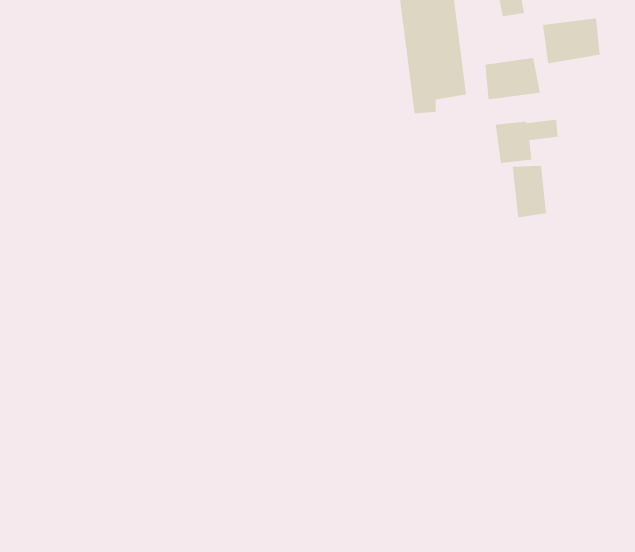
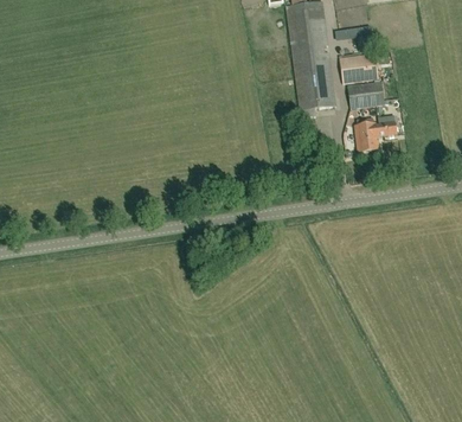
building: [542,18,600,64] -> [339,52,378,83]
building: [512,165,547,218] -> none

